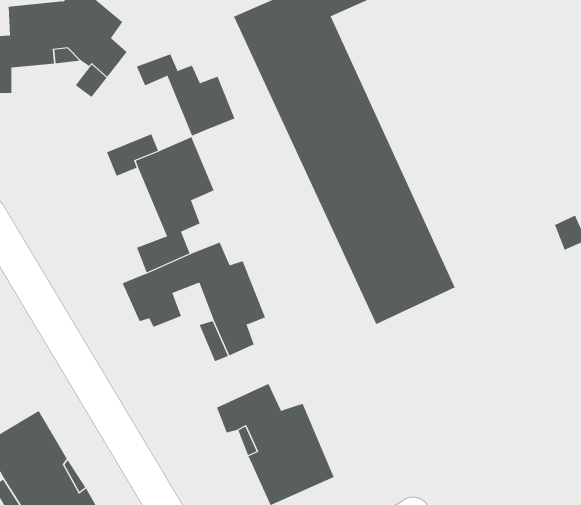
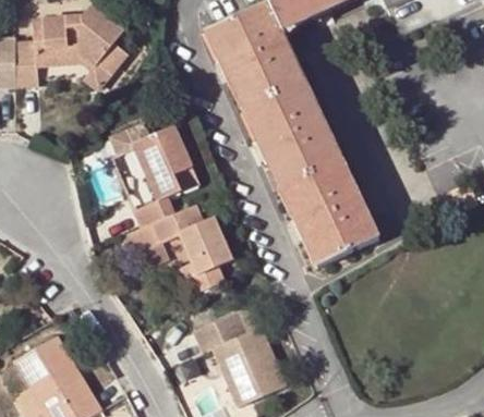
building: [136,53,235,136] -> none

